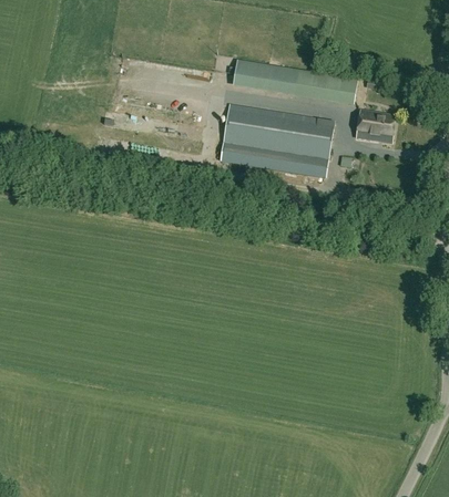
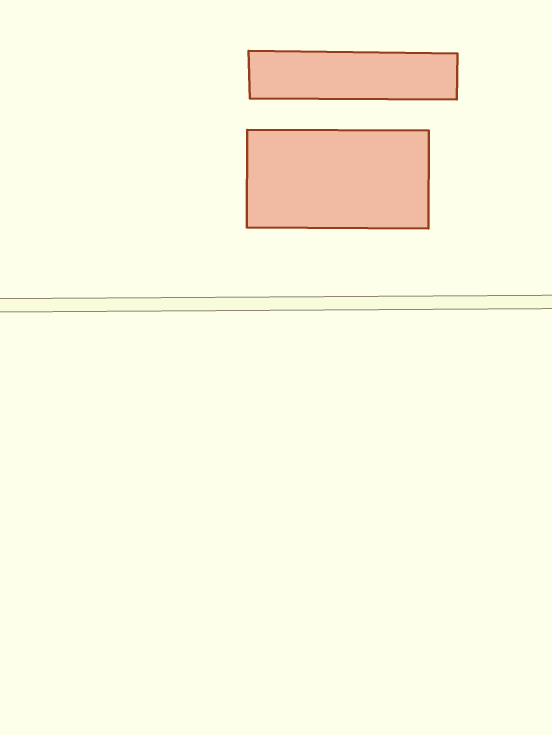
building: [355,110,396,142] -> none

